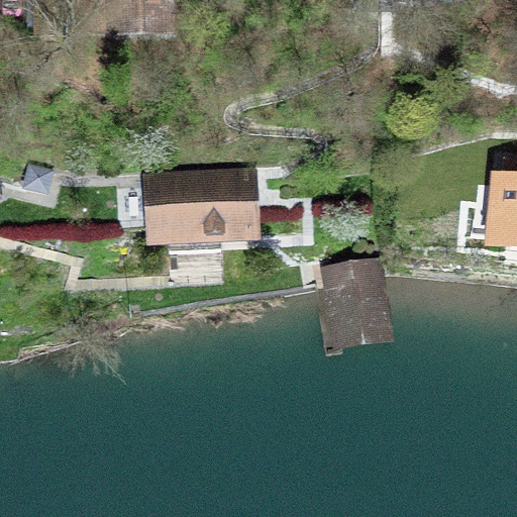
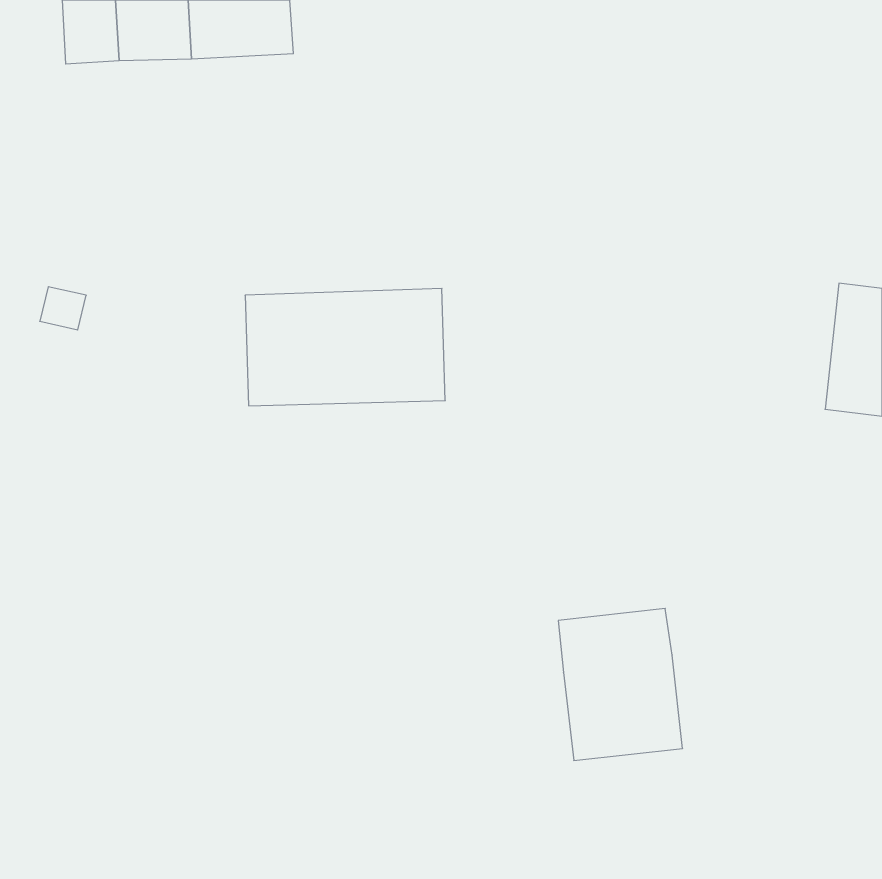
building: [319,262,392,350] -> [558,608,683,760]

